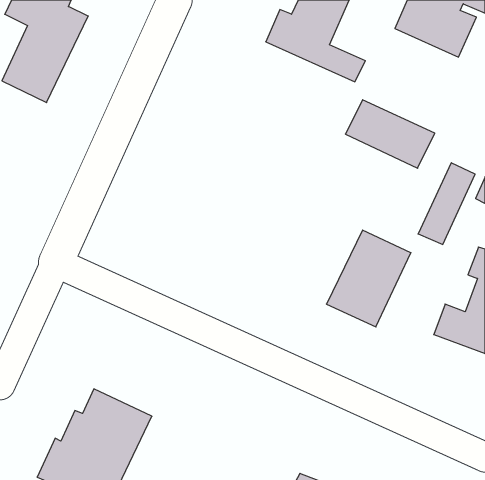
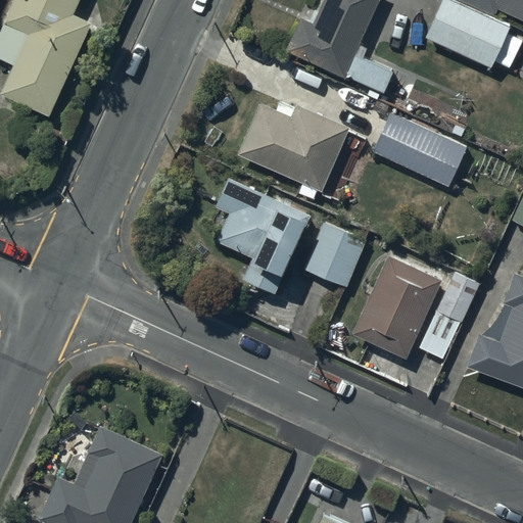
building: none -> [237,102,350,205]
building: none -> [215,177,313,293]
building: [418,163,475,244] -> [419,272,480,360]
building: none -> [303,222,367,288]

